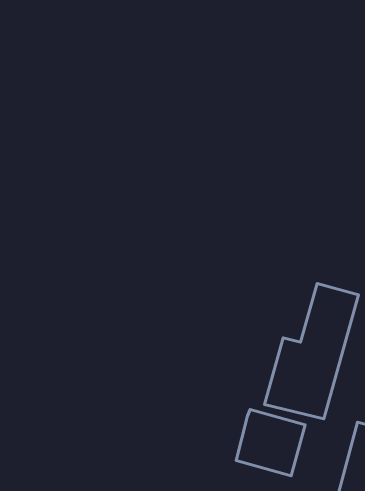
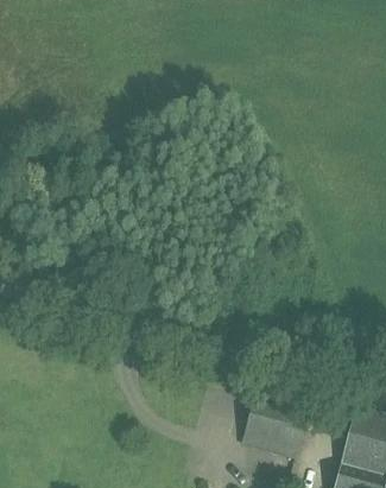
building: [265,283,358,419] -> none

